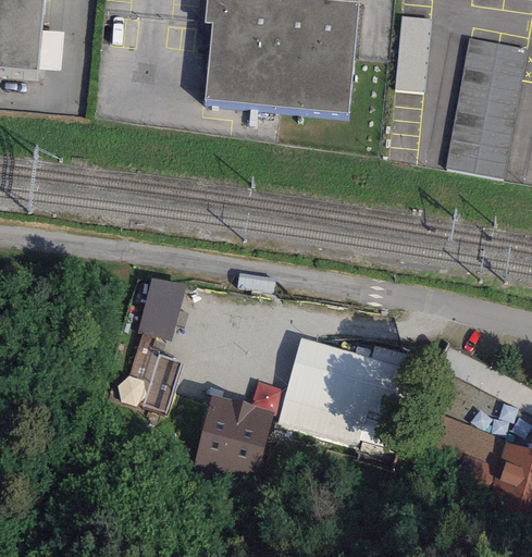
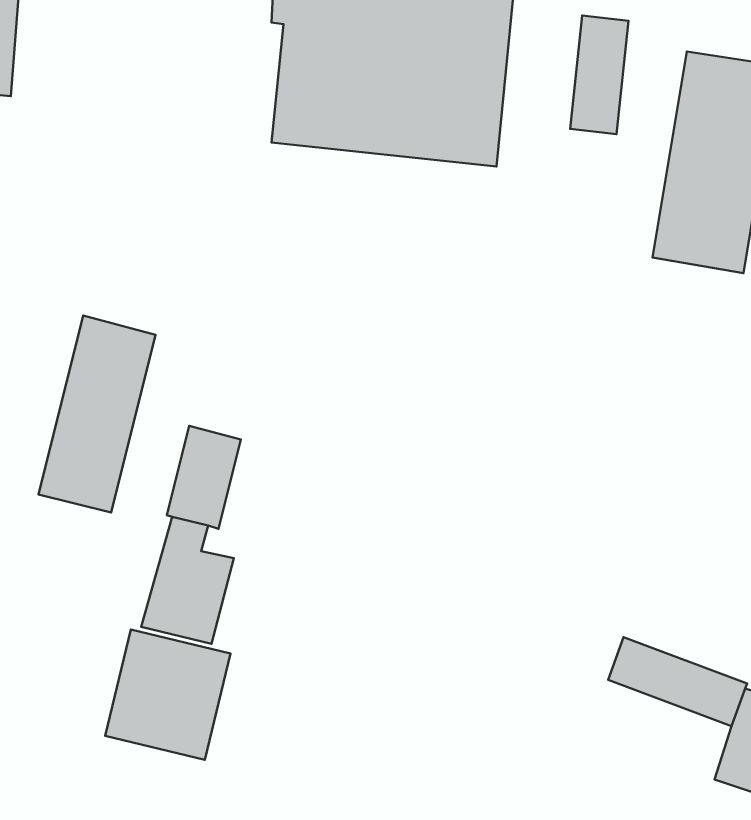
building: none -> [39,316,155,512]
building: [276,338,420,459] -> none
building: [193,397,272,480] -> [105,629,230,760]

